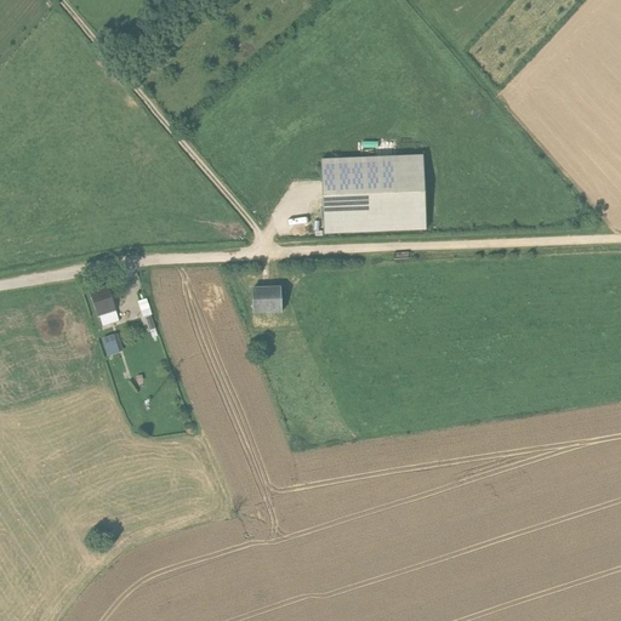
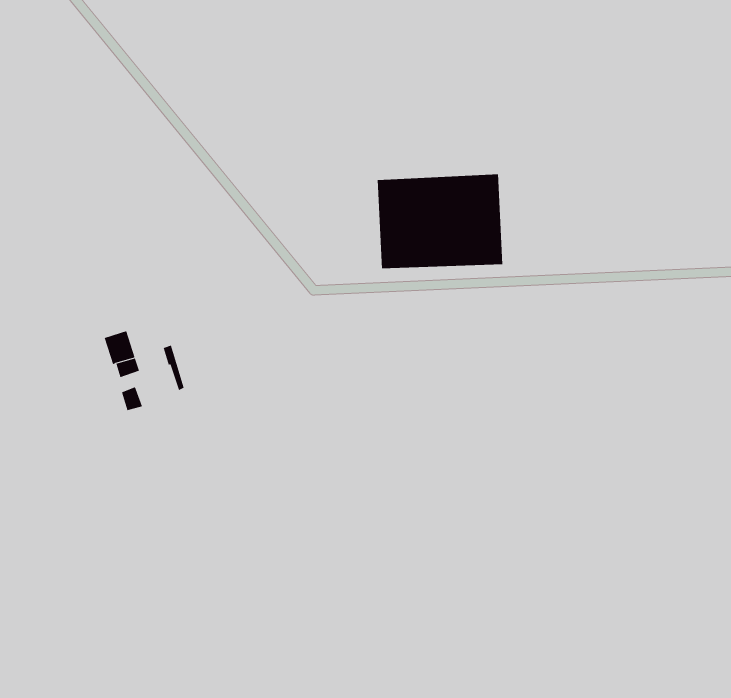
building: [251,287,281,312] -> none

